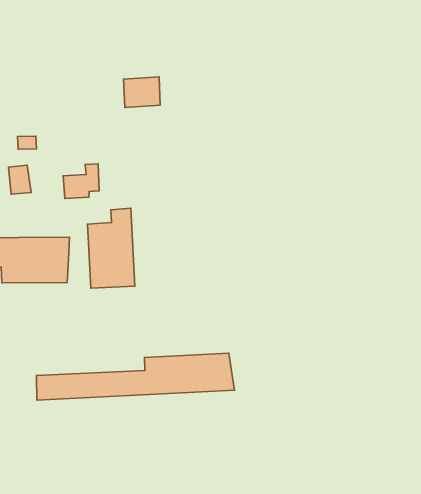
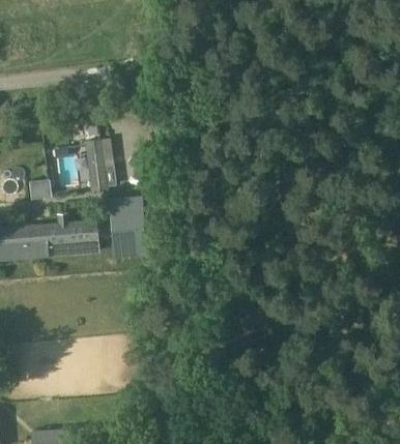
building: [124,77,160,107] -> [85,139,113,162]
building: [37,353,234,400] -> none

